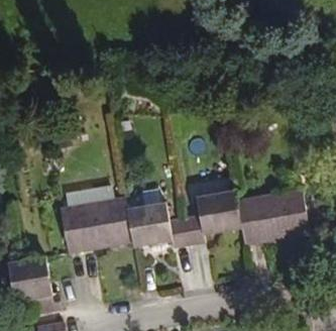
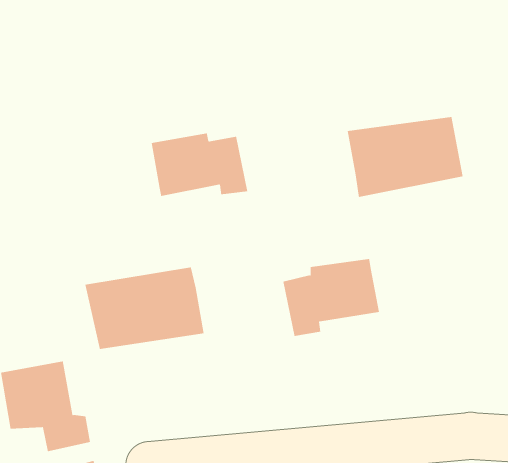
building: [237,190,310,240] -> [347,116,464,198]
building: [128,205,189,244] -> [151,133,248,196]

